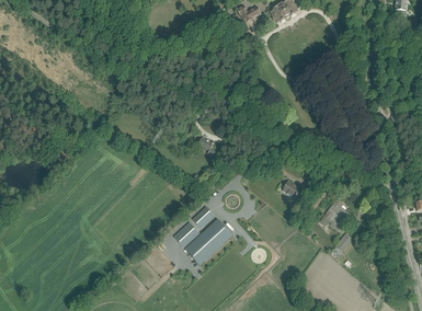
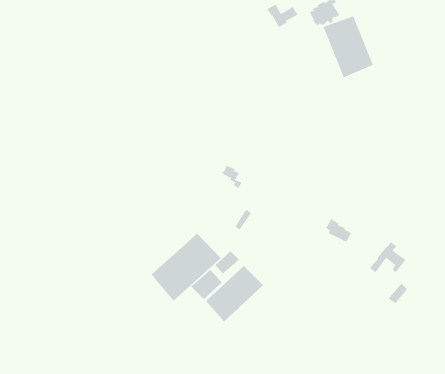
building: none -> [323,15,374,78]
building: none -> [151,233,222,302]

